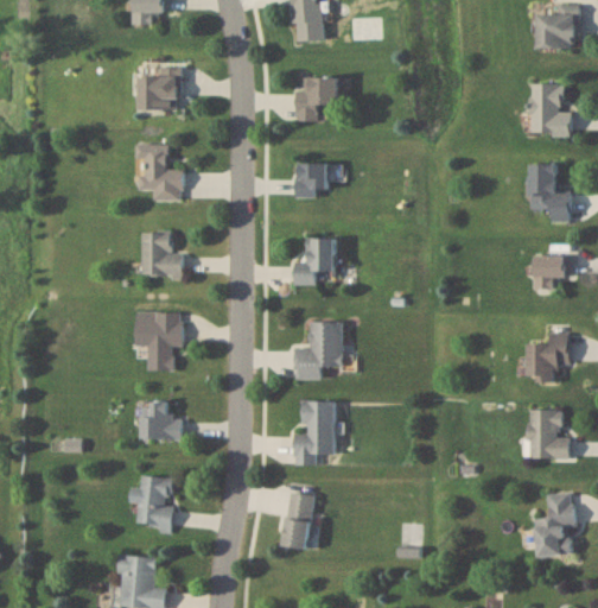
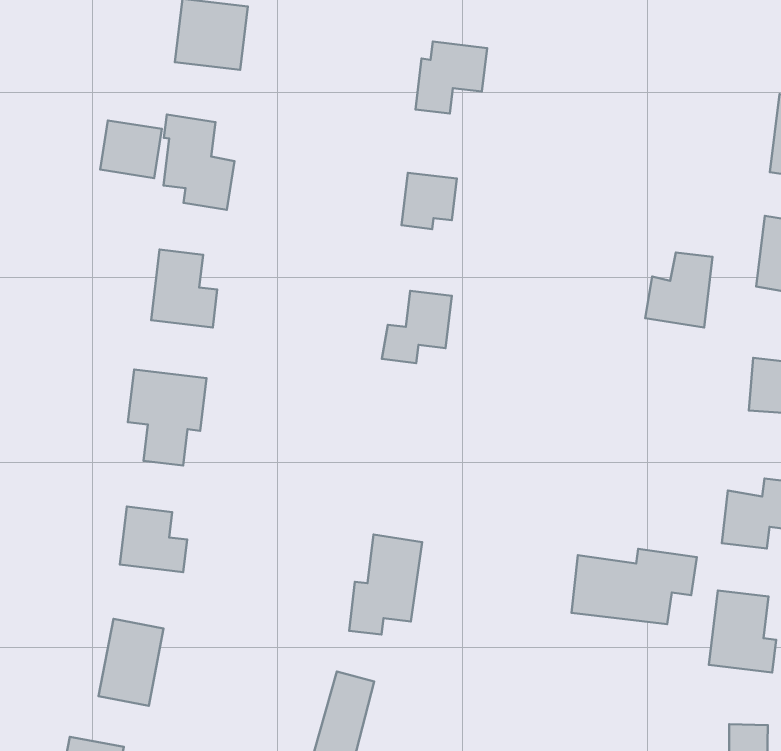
building: none -> [100,120,162,178]
building: none -> [645,253,713,327]
building: [295,323,342,380] -> none
building: none -> [572,549,697,624]

